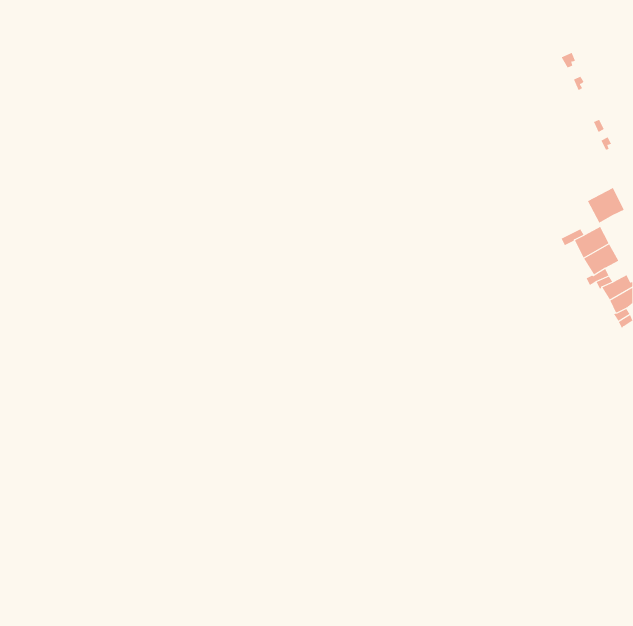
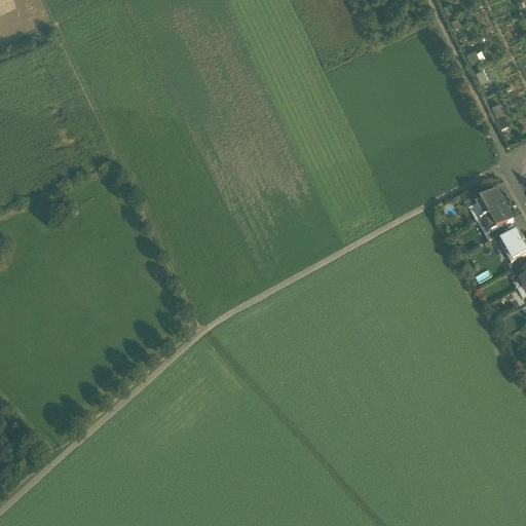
building: [587,187,625,223] -> none

